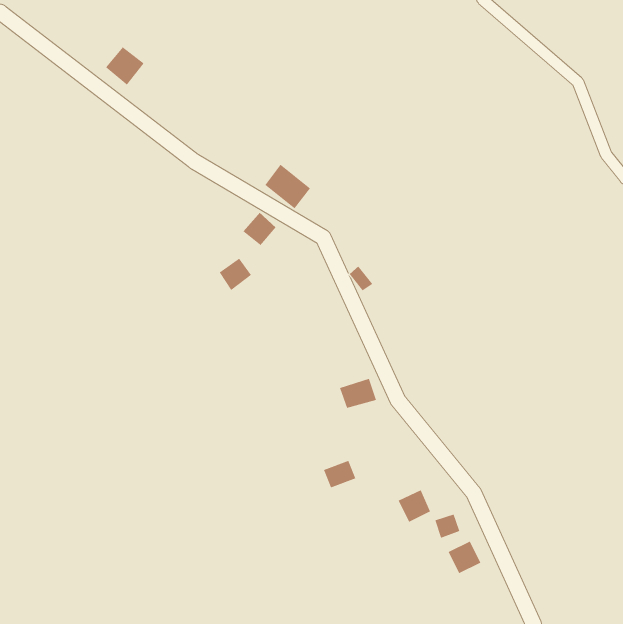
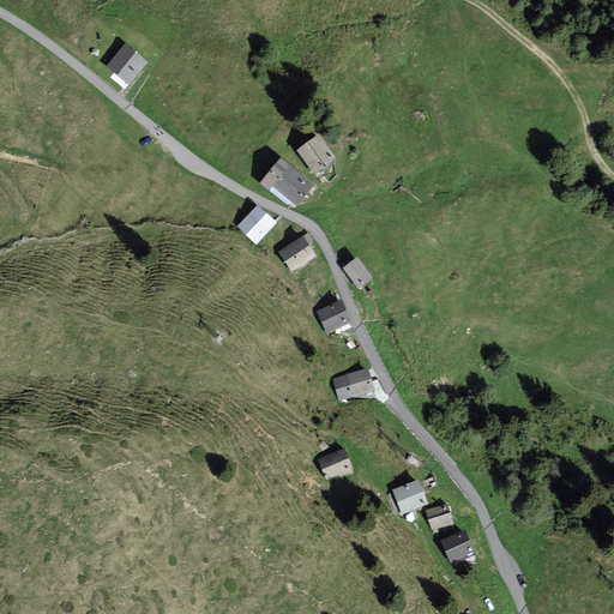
building: none -> [296,136,331,170]
building: [219,258,252,291] -> [281,237,313,270]
building: none -> [318,302,349,333]

